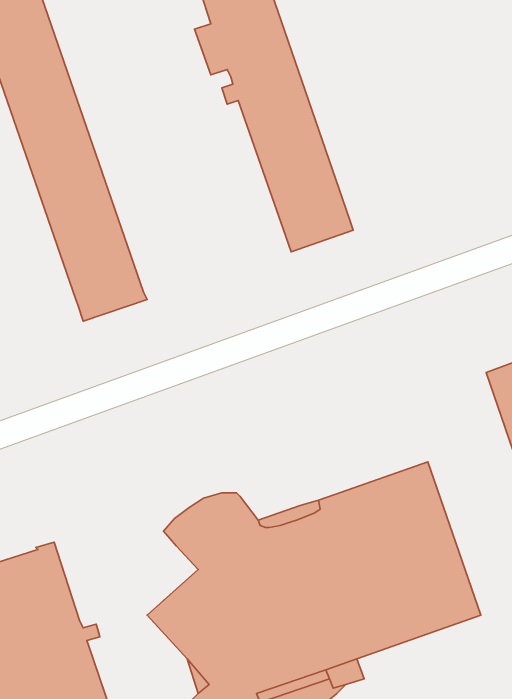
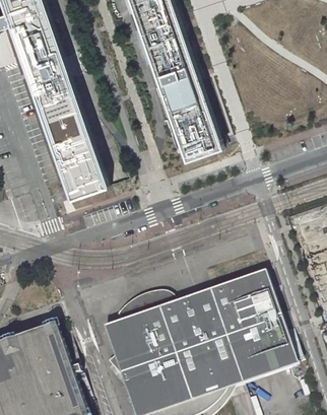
building: none -> [108,324,135,354]

